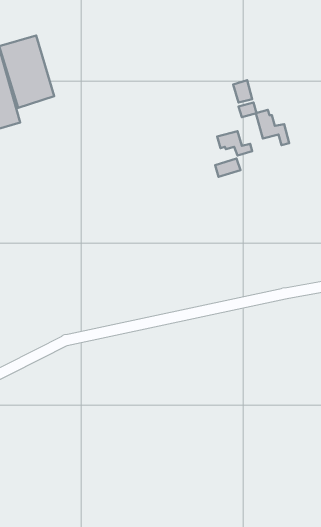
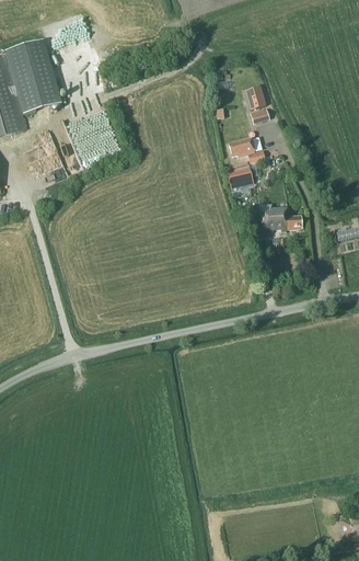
building: [256,110,289,145] -> none
building: none -> [258,206,301,231]

